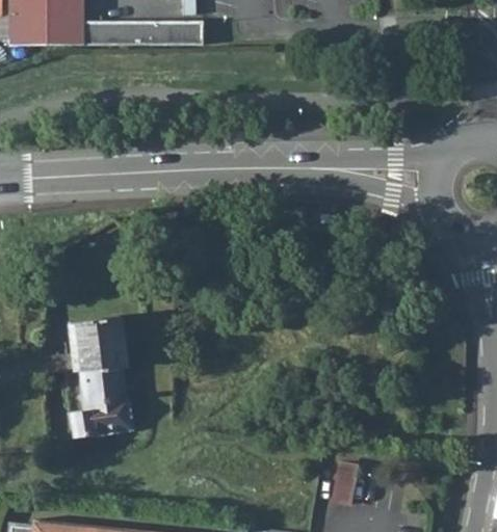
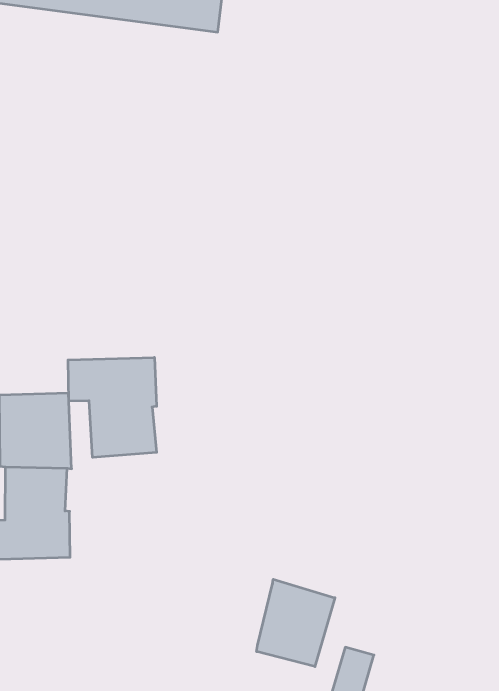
building: none -> [68,357,157,457]
building: none -> [257,579,335,667]

